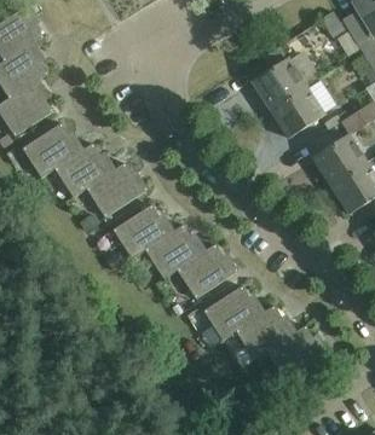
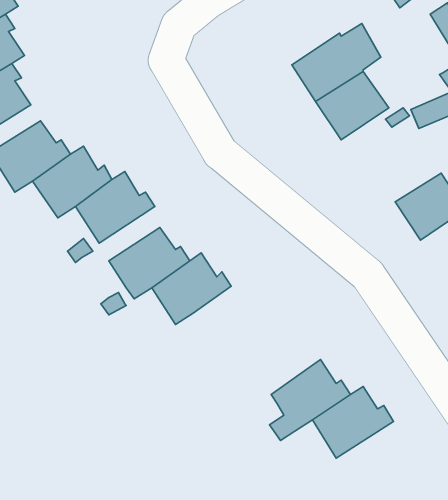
building: [312,134,365,185] -> none
building: [177,243,238,298] -> none
building: [203,285,265,340] -> none

